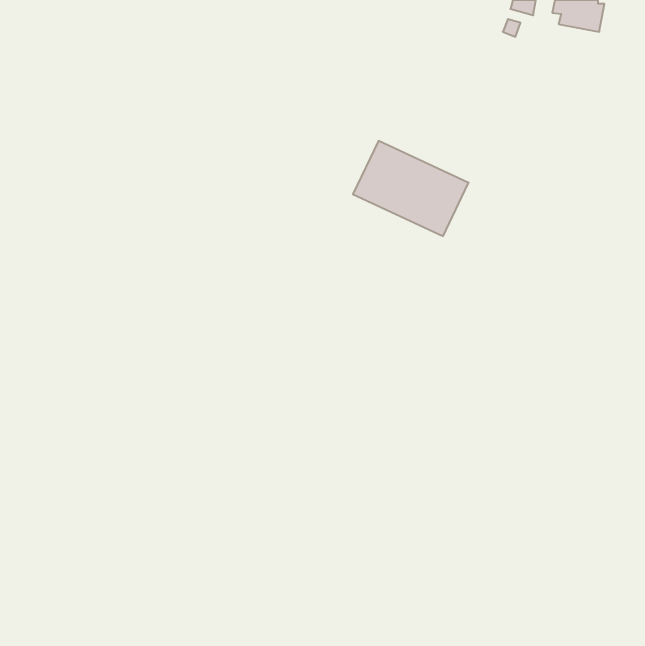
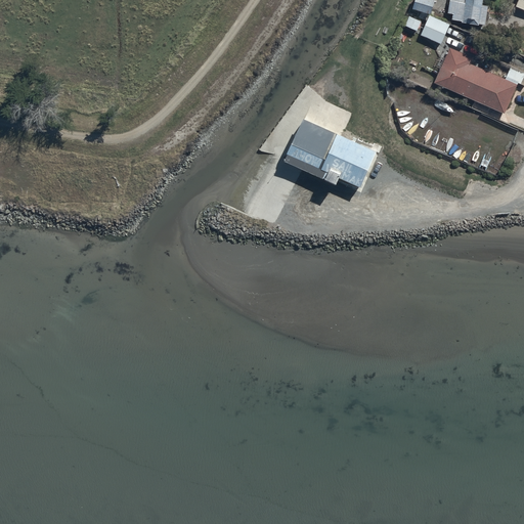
building: none -> [418,15,447,43]
building: none -> [434,49,515,112]

